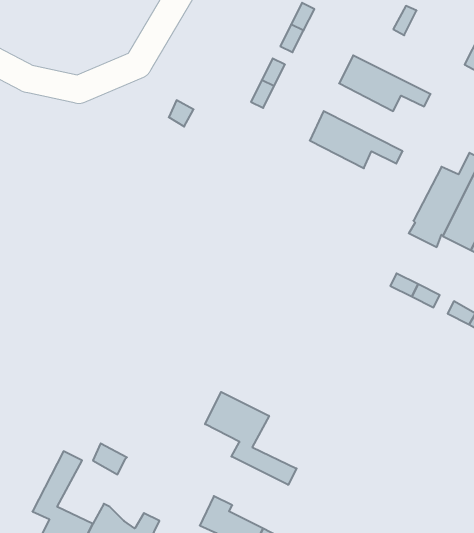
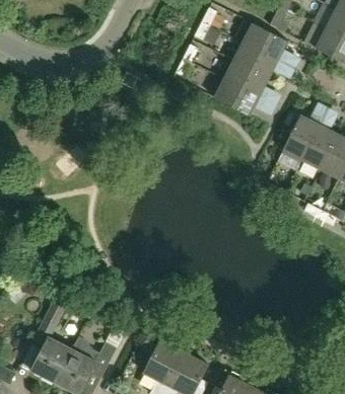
building: none -> [243,23,297,68]
building: none -> [223,61,279,105]
building: [205,392,297,485] -> none

